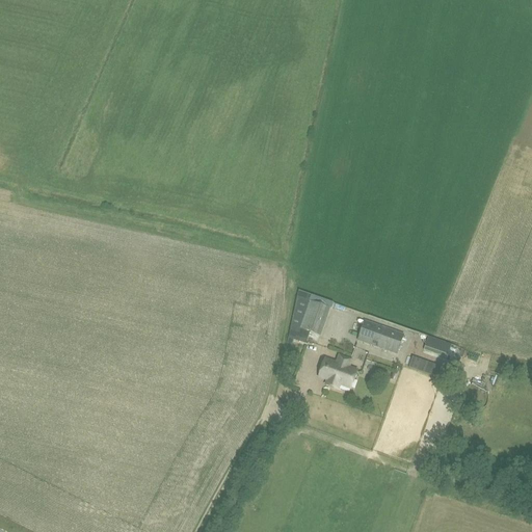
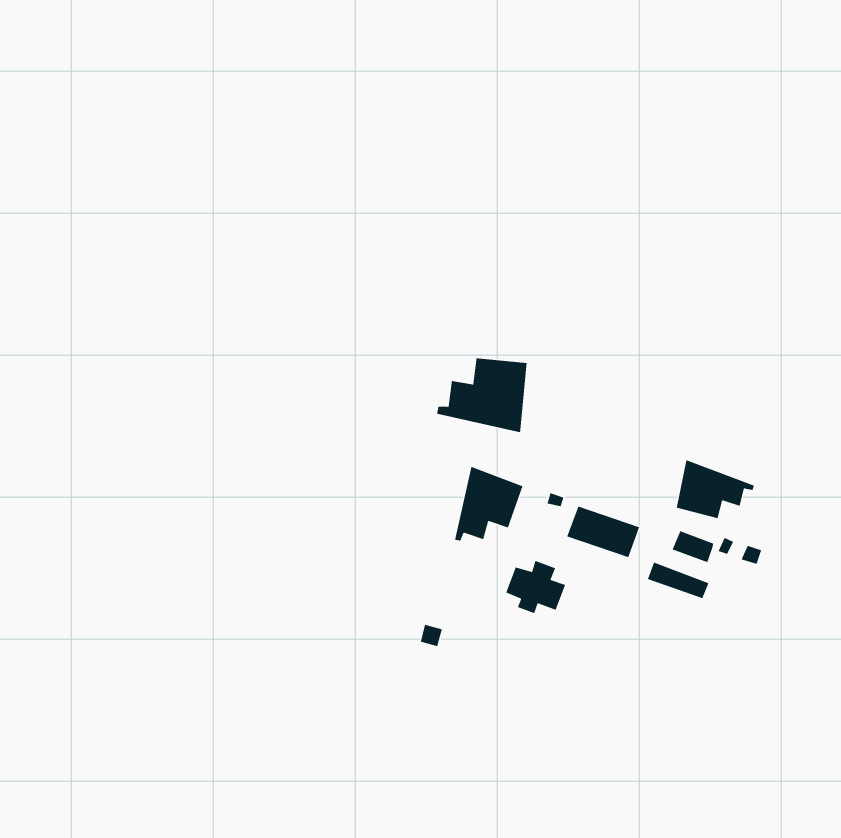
building: none -> [436,358,527,433]
building: none -> [676,459,755,519]

